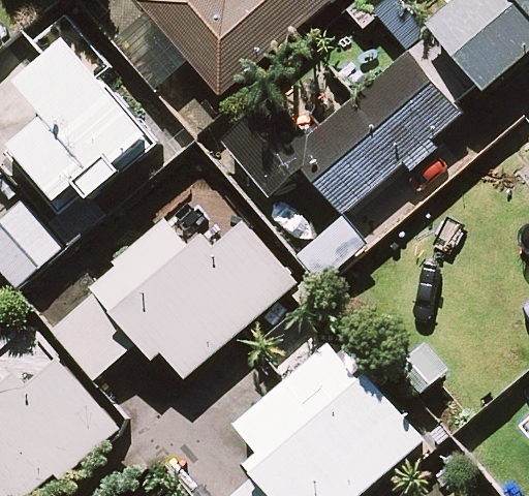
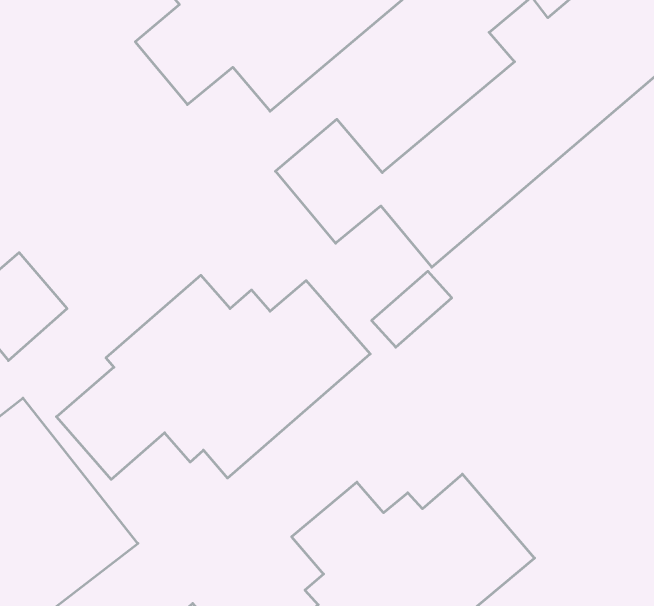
building: [11,42,153,200] -> none

